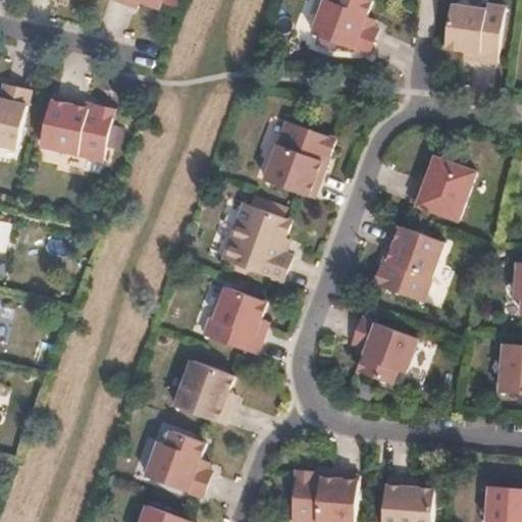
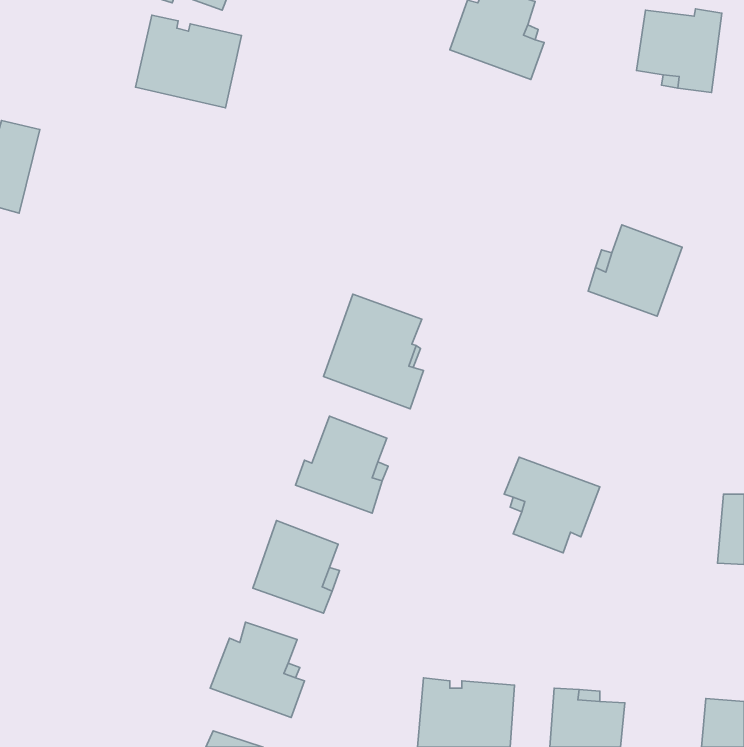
building: [38,95,111,159] -> [136,15,242,108]
building: [266,122,336,200] -> none
building: [371,223,441,301] -> none

